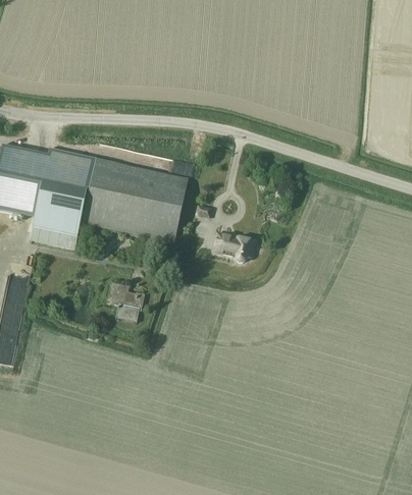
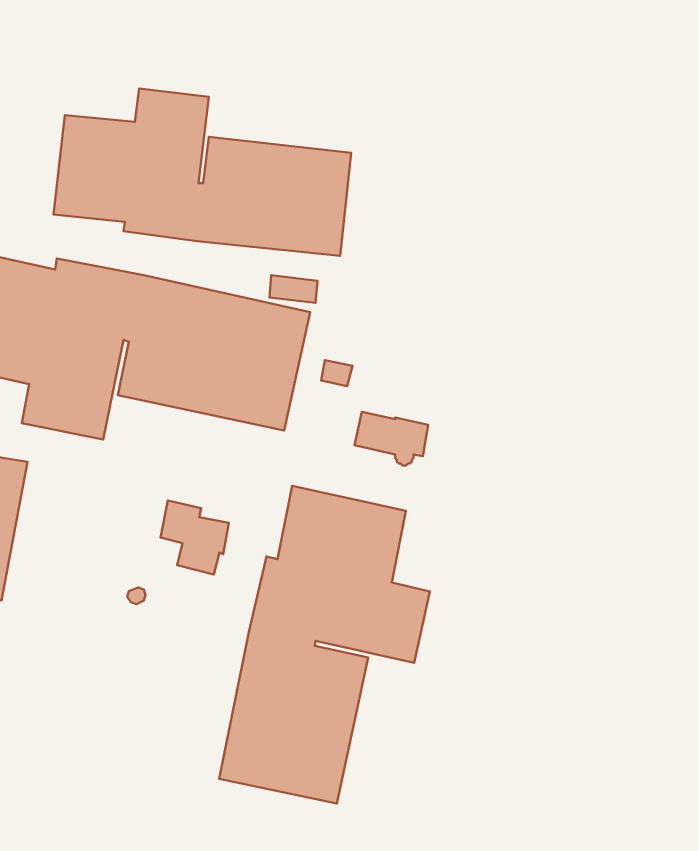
building: none -> [53,88,351,256]
building: none -> [219,486,430,803]

